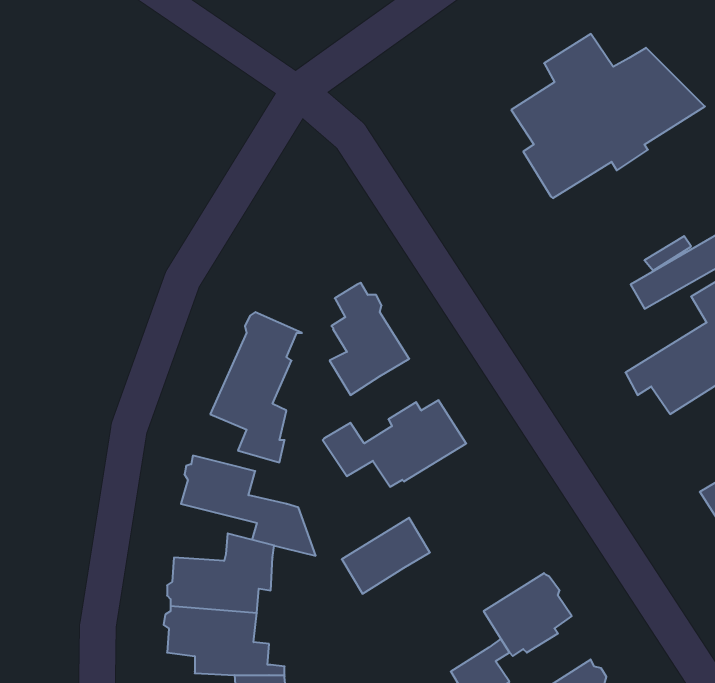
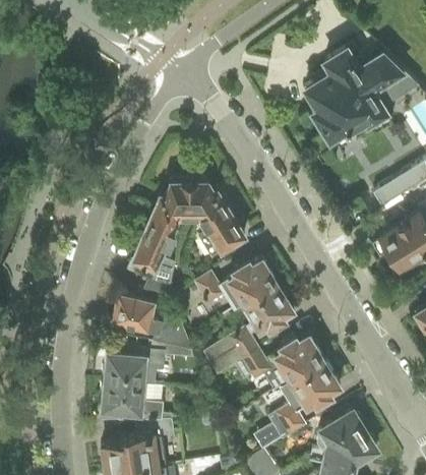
building: none -> [155,180,215,220]
building: none -> [242,287,295,338]
building: none -> [234,337,324,393]

